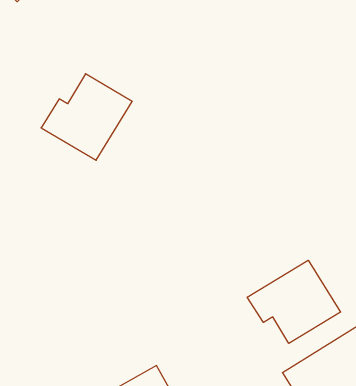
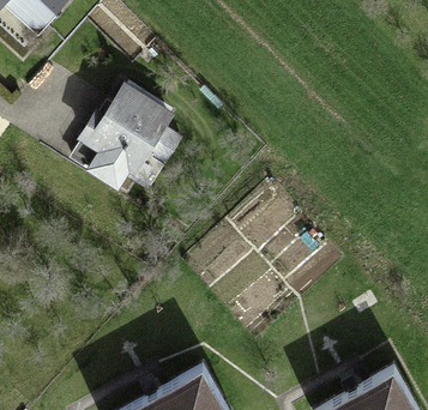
building: [247,260,341,343] -> none

